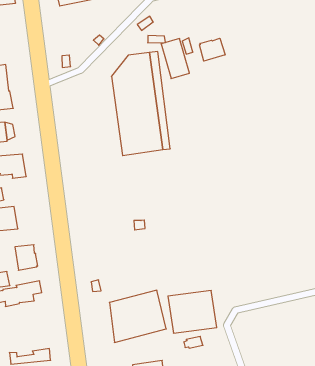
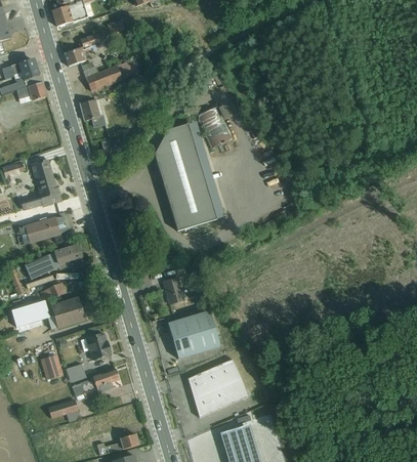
building: none -> [80,98,109,127]
building: [200,38,225,61] -> none
building: none -> [163,277,184,304]
building: [168,291,217,333] -> [167,310,220,359]

